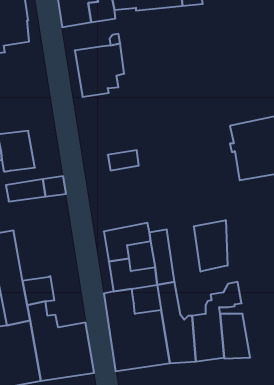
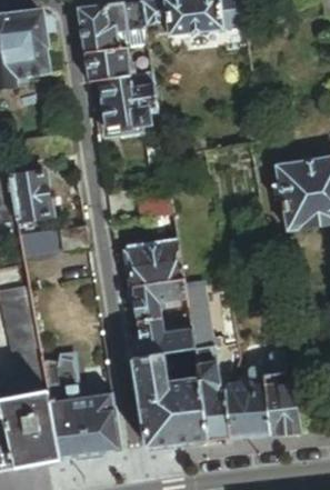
building: none -> [84,47,130,82]
building: none -> [126,237,182,288]
building: [194,220,228,272] -> none

